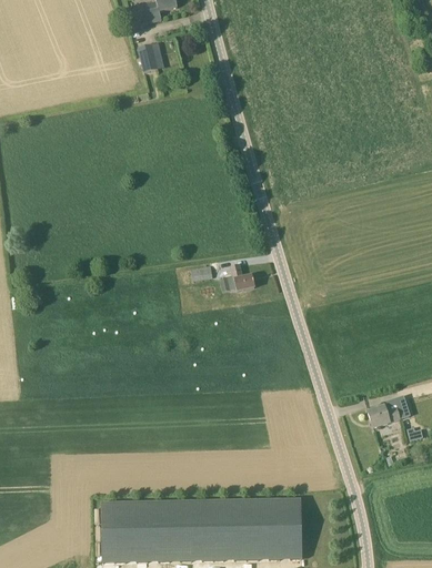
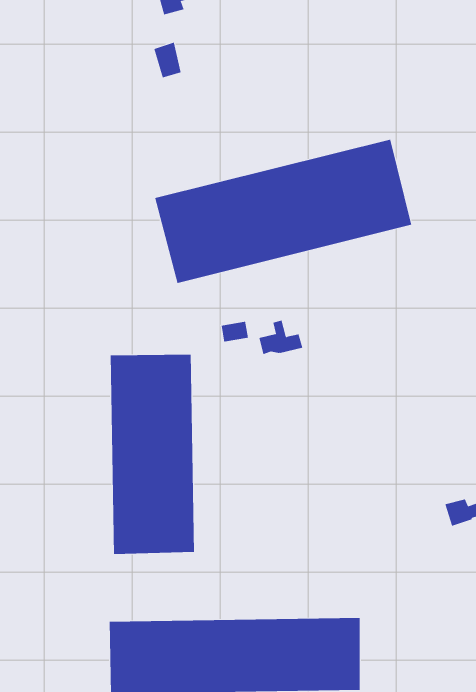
building: none -> [155,139,412,284]
building: none -> [110,354,195,555]

